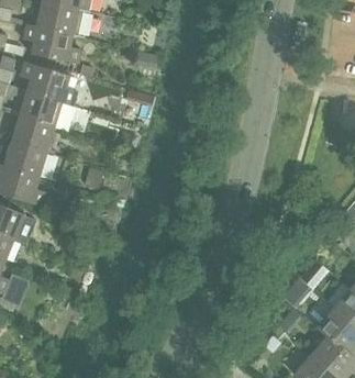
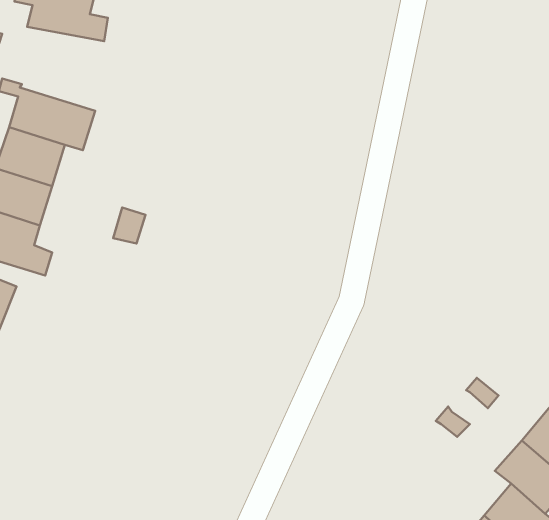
building: [21,60,78,105] -> none

